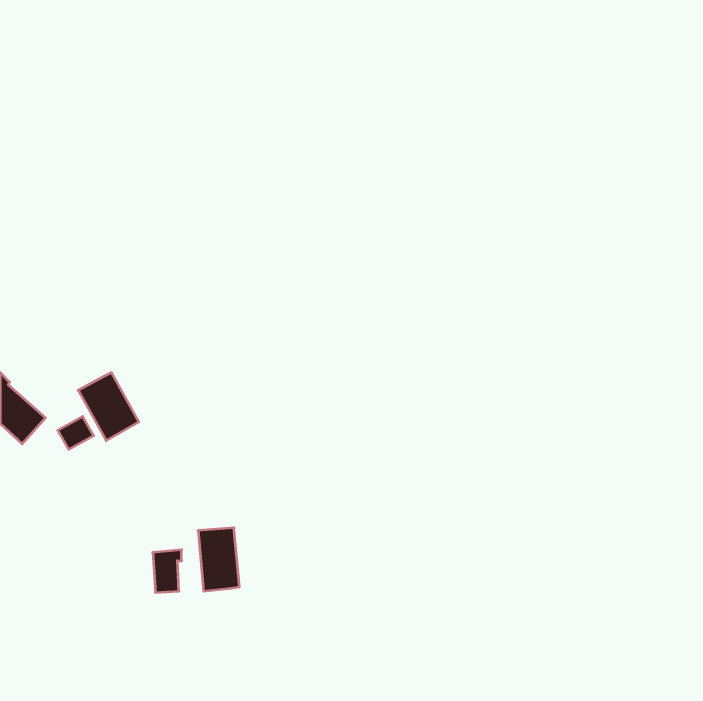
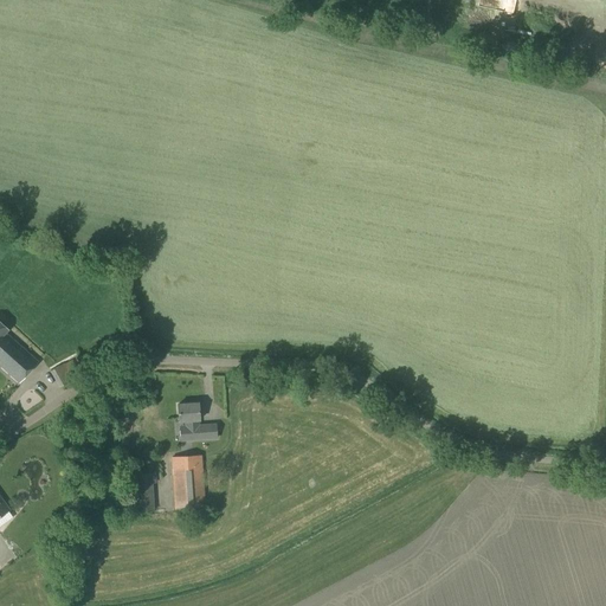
building: [78,373,139,441] -> none
building: none -> [178,402,217,441]

